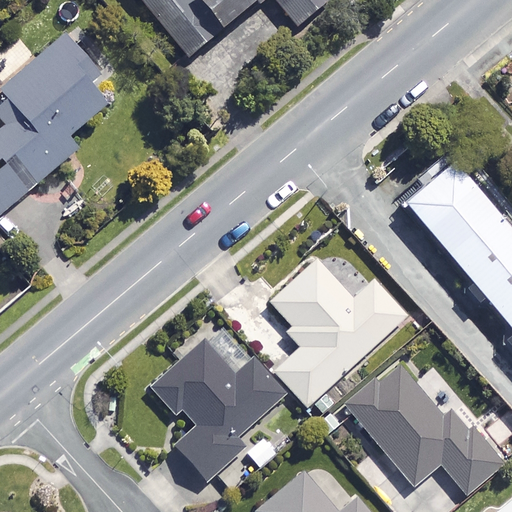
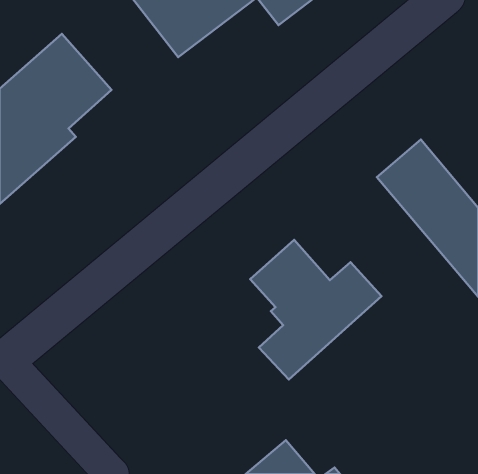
building: [153,342,286,480] -> none
building: [345,360,503,494] -> none

